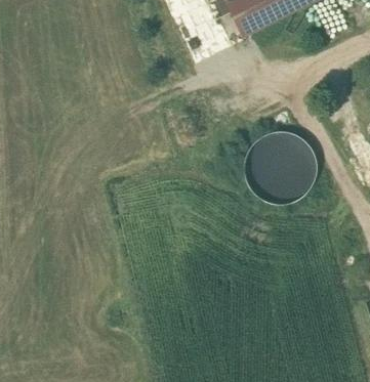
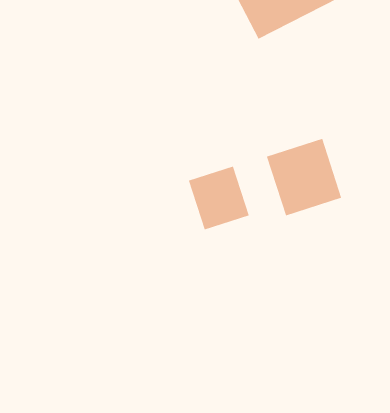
building: none -> [188,165,250,231]

